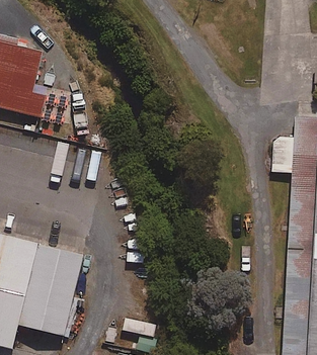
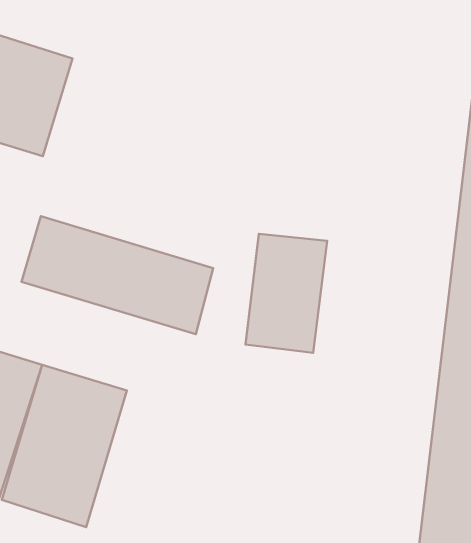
building: none -> [21,216,213,334]
building: none -> [245,234,327,353]

